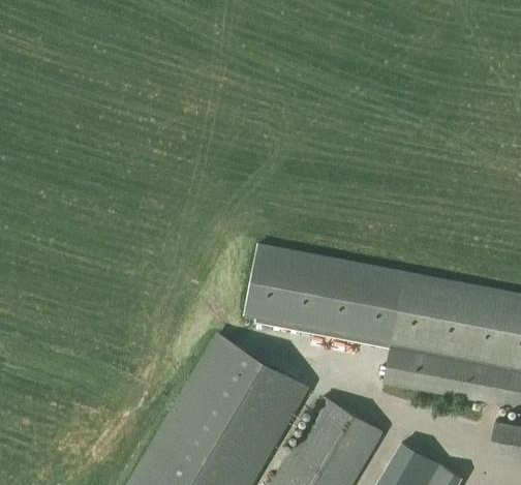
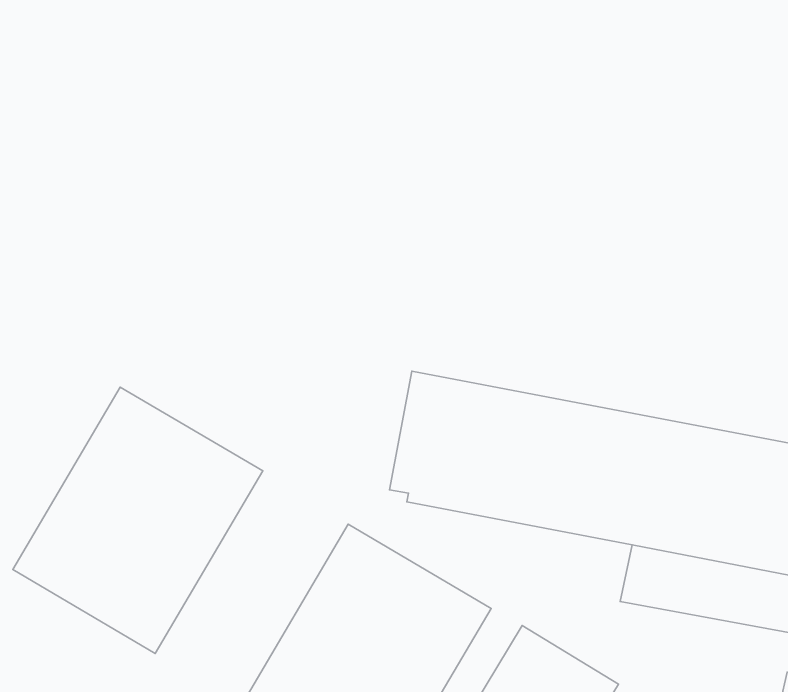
building: none -> [13,387,263,653]

